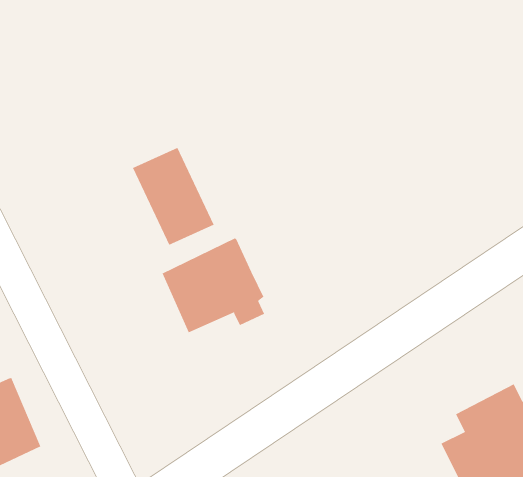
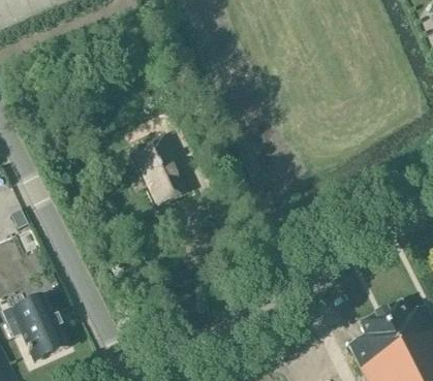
building: [162,237,265,333] -> none

